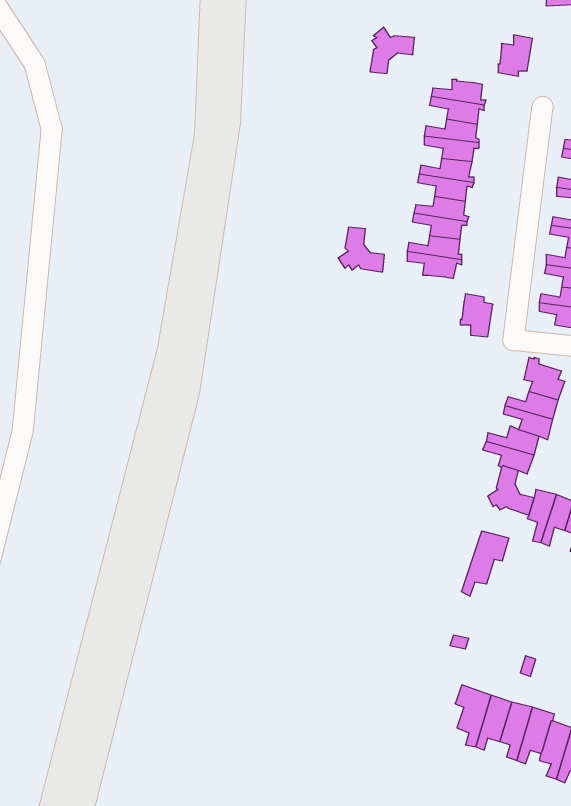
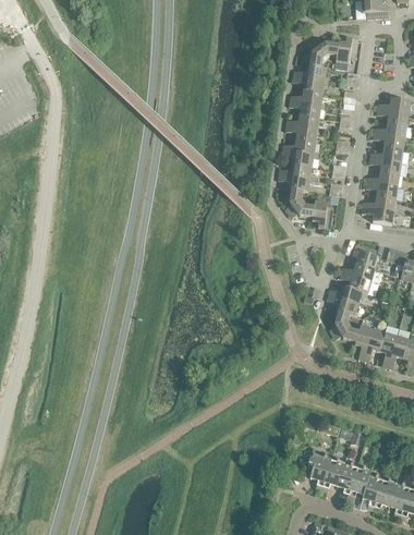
building: [370,27,415,73] -> [308,37,337,66]
building: [338,227,384,272] -> [283,189,313,217]
building: [462,531,509,596] -> none

